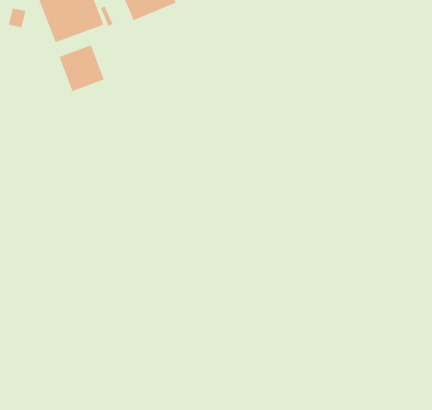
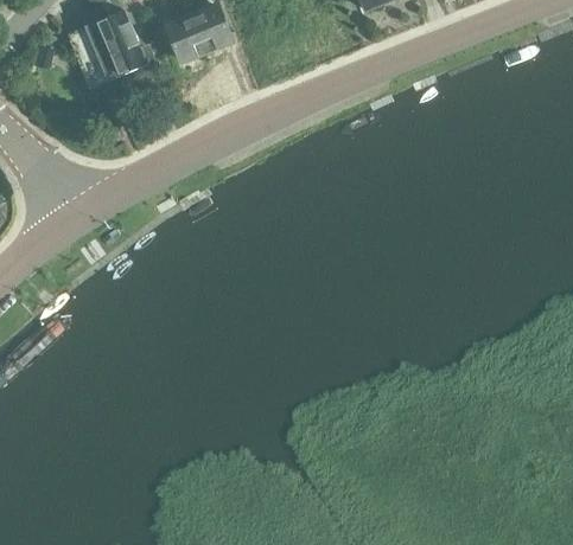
building: [59,45,104,92] -> none

